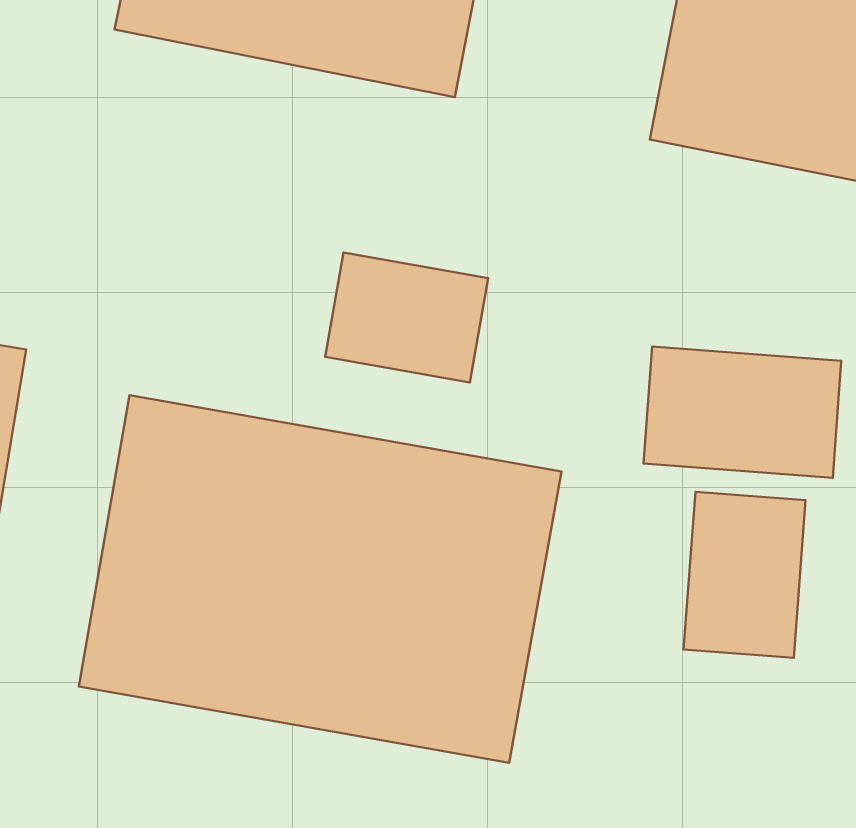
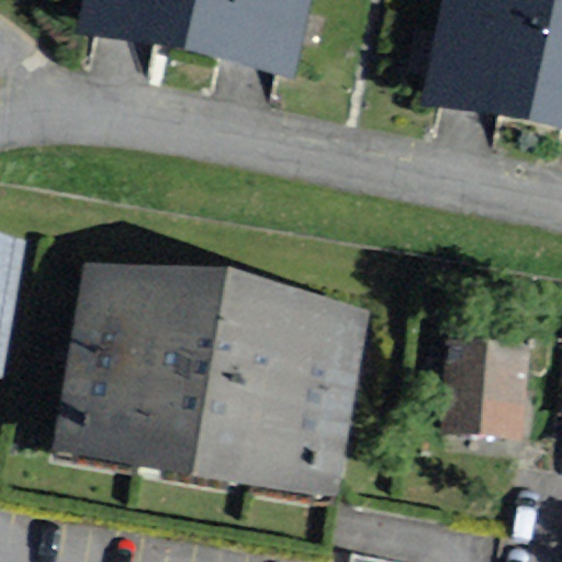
building: [325,253,488,382] -> none
building: [644,347,841,478] -> none

